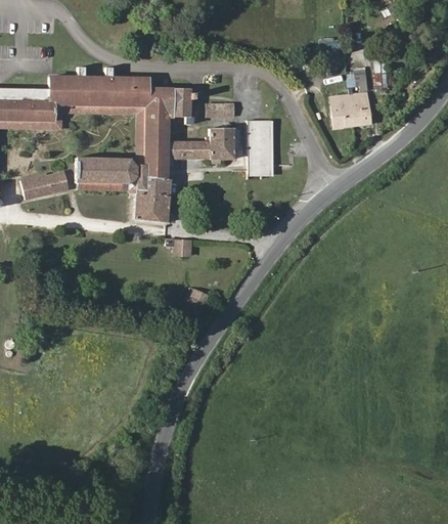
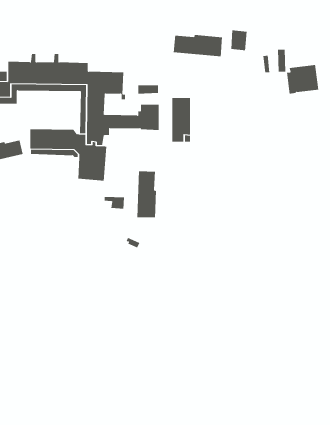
building: none -> [173,34,222,57]
building: [331,92,371,128] -> [286,64,319,94]
building: none -> [137,170,157,218]

